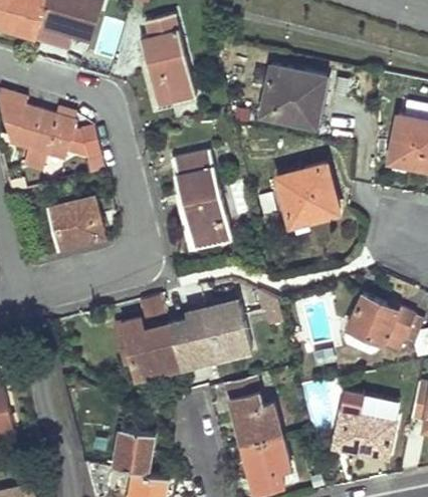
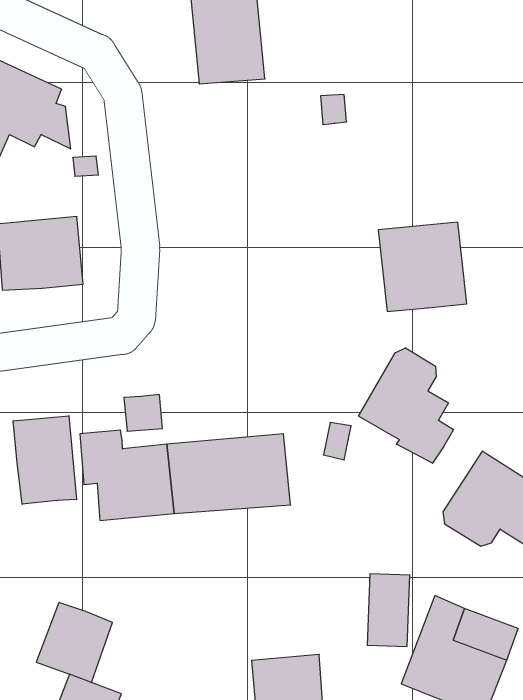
building: [261,65,326,127] -> none
building: [173,150,231,246] -> none
building: none -> [359,348,453,463]
building: none -> [13,416,77,504]
building: [226,376,282,448] -> none

